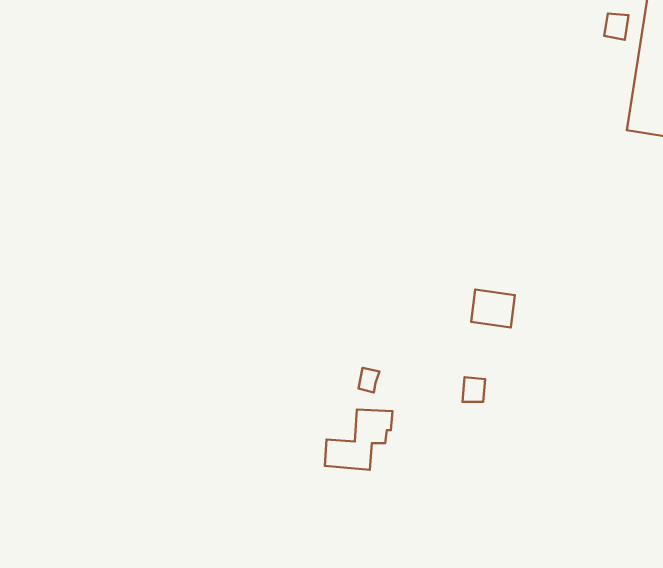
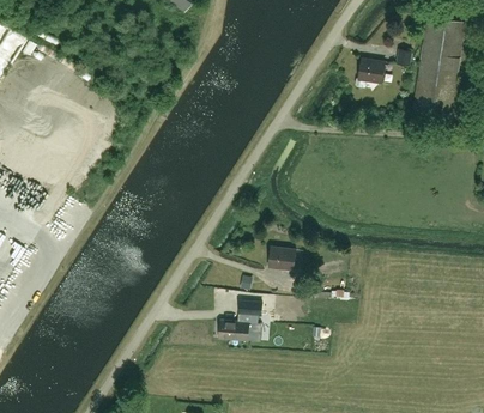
building: none -> [356,57,386,87]
building: [471,290,515,327] -> [268,245,296,269]

